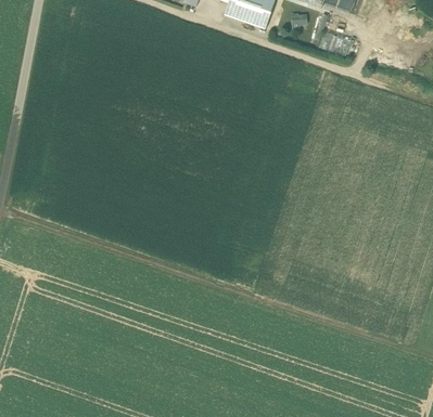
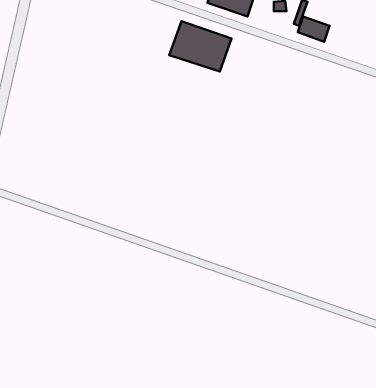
building: none -> [169,21,231,72]

